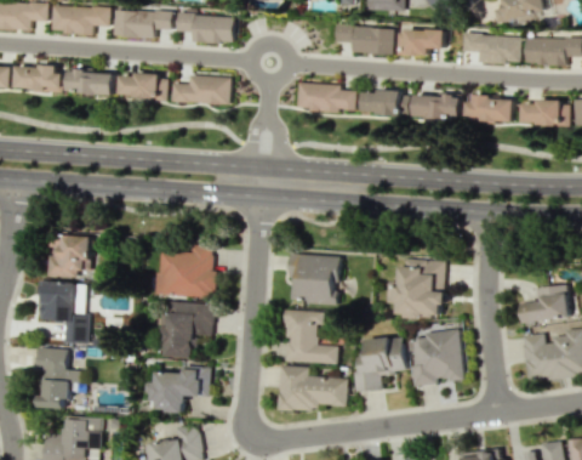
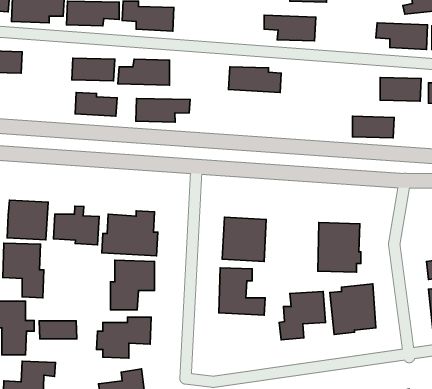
building: [399,28,444,56] -> none
building: [67,67,114,93] -> [75,92,117,116]
building: [361,89,403,114] -> none
building: [413,93,461,118] -> [352,116,394,138]
building: none -> [136,98,190,122]
building: none -> [53,206,99,245]
building: [278,364,347,409] -> none
building: none -> [39,321,77,339]

